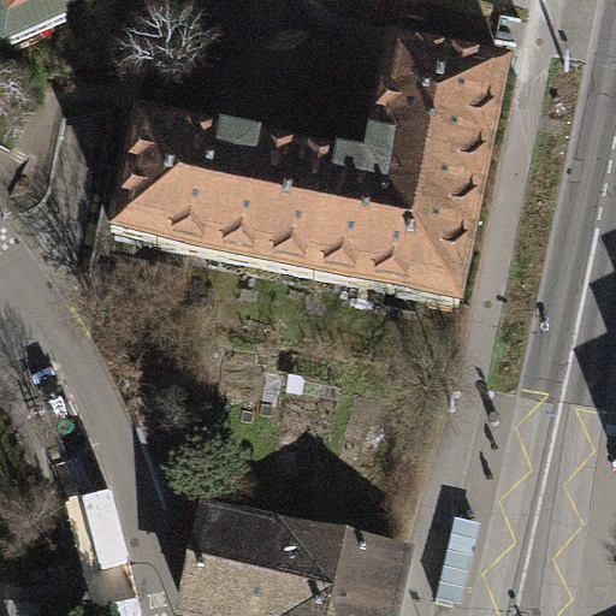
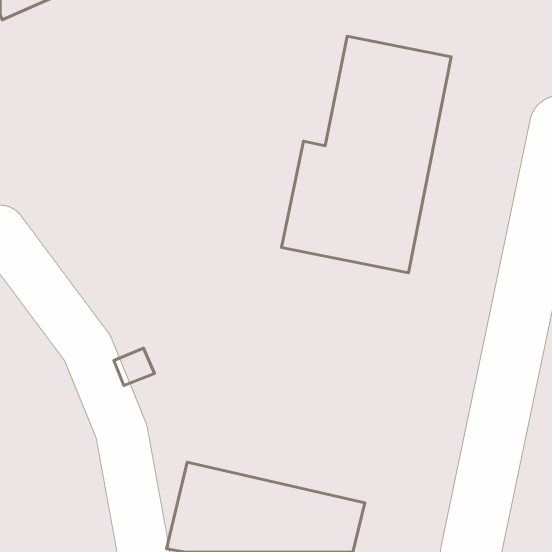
building: [113,116,342,272] -> none

